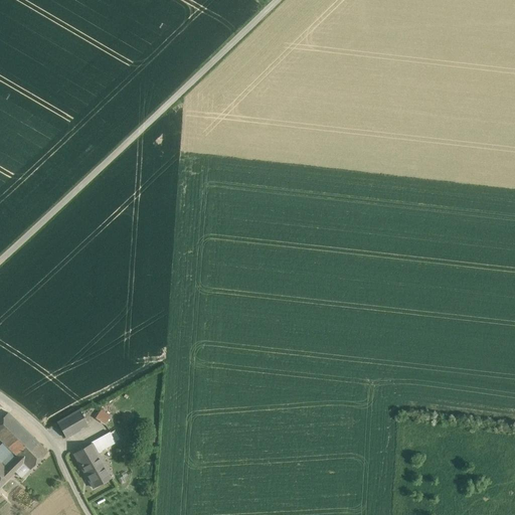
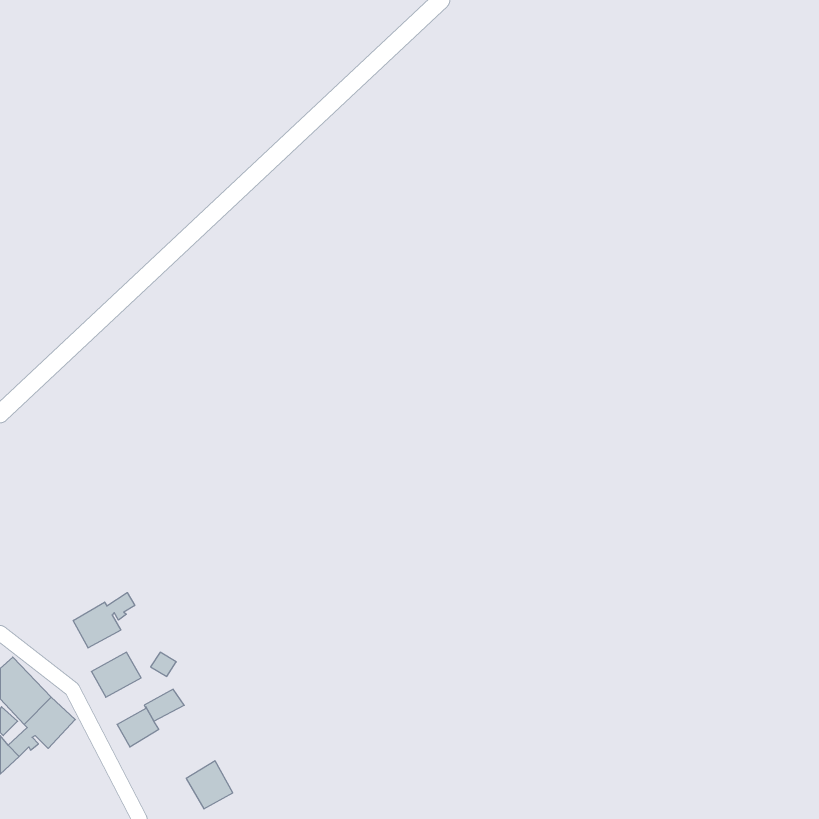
building: none -> [73,593,135,648]
building: [81,458,111,488] -> [186,761,233,809]

